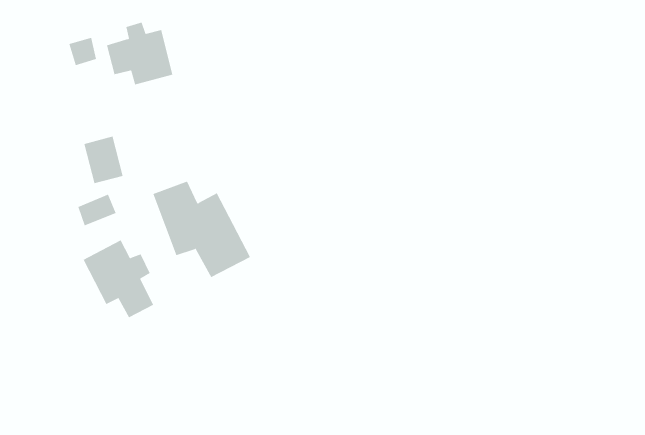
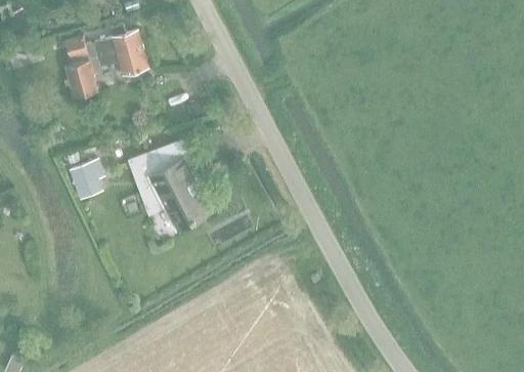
building: [83,136,124,184] -> [64,59,96,97]
building: [83,240,154,318] -> none

